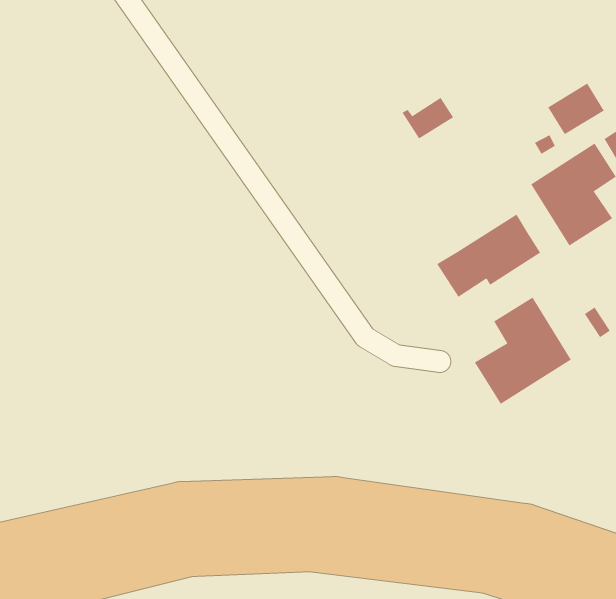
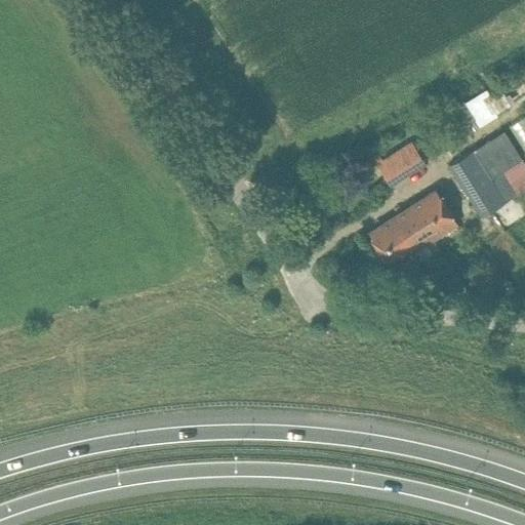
building: [402,97,454,140] -> [376,146,420,181]
building: [474,297,572,405] -> none

